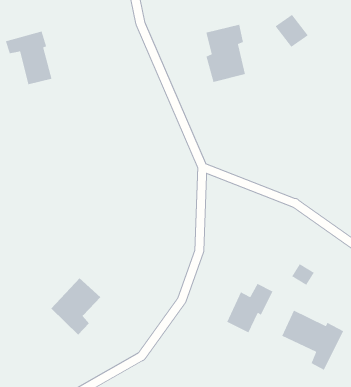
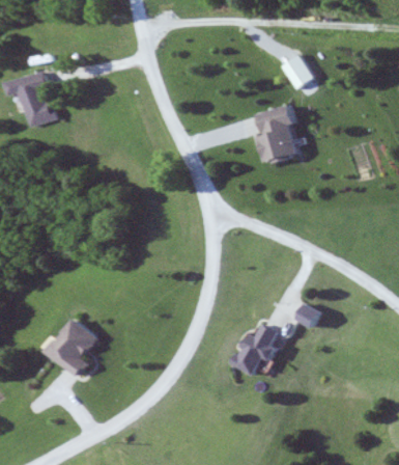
building: [206,24,246,83] -> [257,105,297,164]
building: [281,310,344,371] -> none

